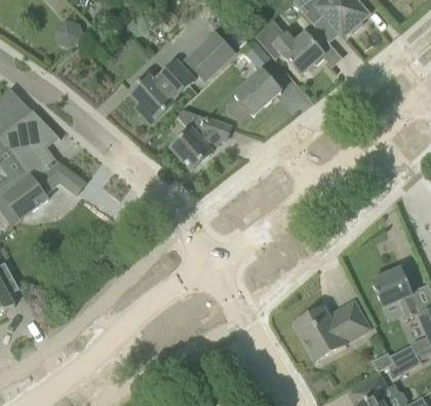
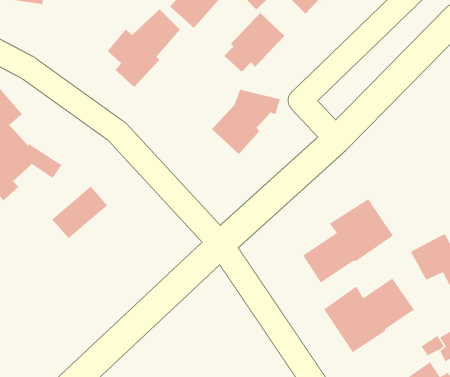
building: [170,114,231,169] -> [211,89,281,155]
building: none -> [51,186,108,239]
building: none -> [302,198,394,284]

